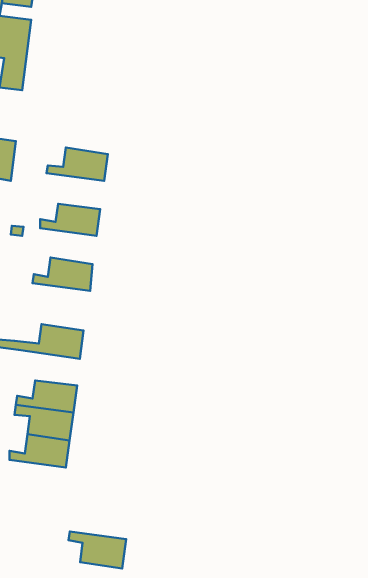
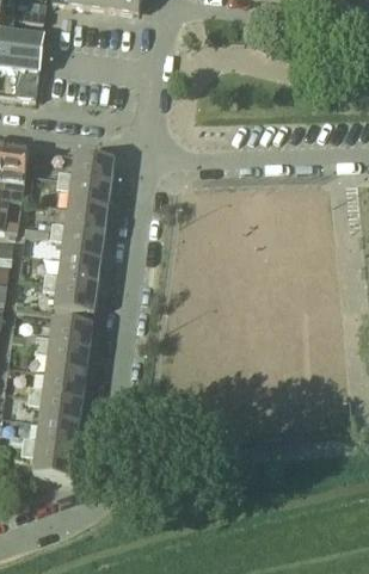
building: none -> [56,175,111,209]
building: none -> [50,227,104,260]
building: none -> [43,278,98,313]
building: none -> [30,340,88,374]
building: [69,531,126,568] -> [21,443,75,477]

